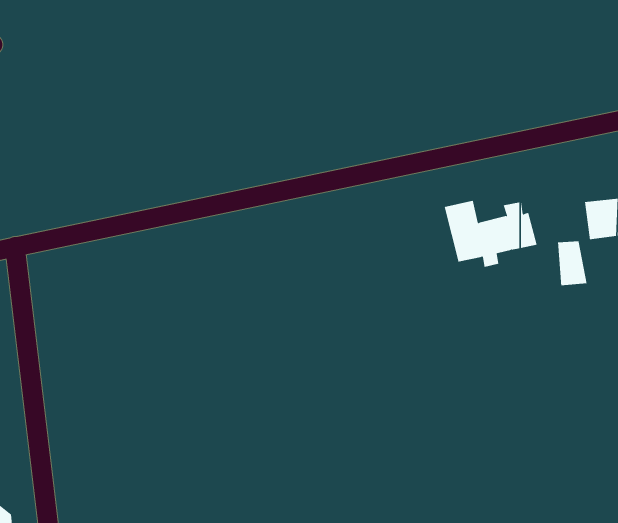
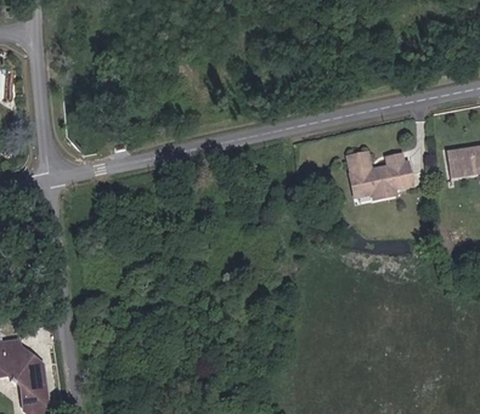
building: [558,241,587,286] -> none

